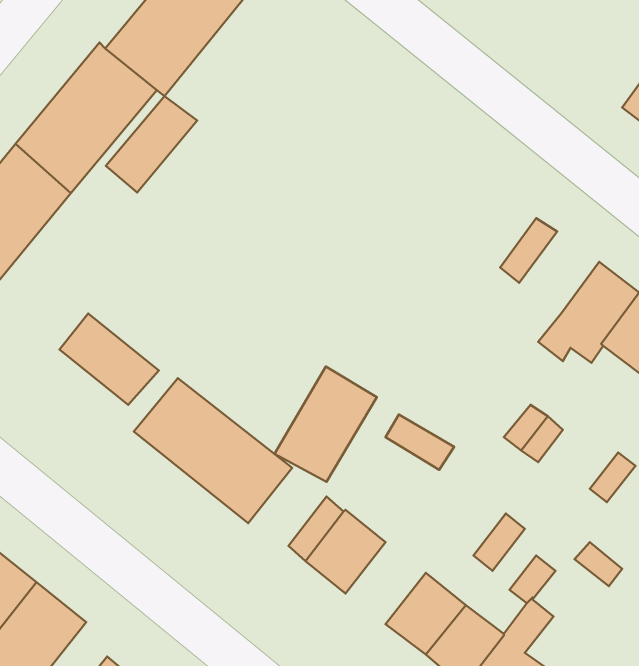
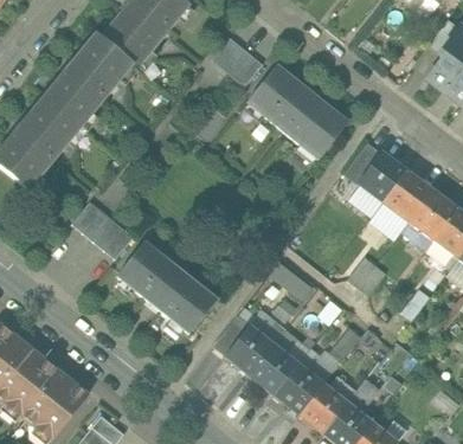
building: none -> [211,37,262,85]
building: none -> [247,65,347,157]
building: [106,96,197,192] -> none
building: none -> [356,150,406,201]
building: [275,367,377,482] -> none
building: none -> [249,343,298,394]

